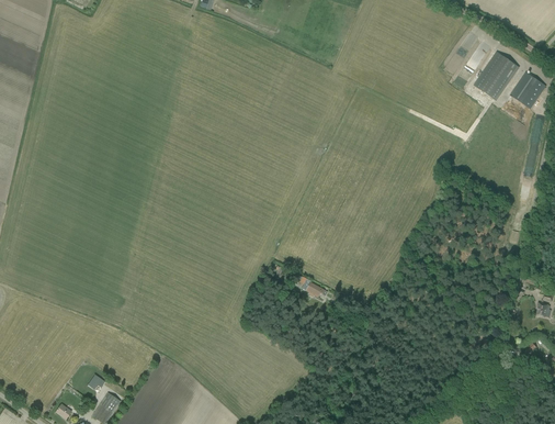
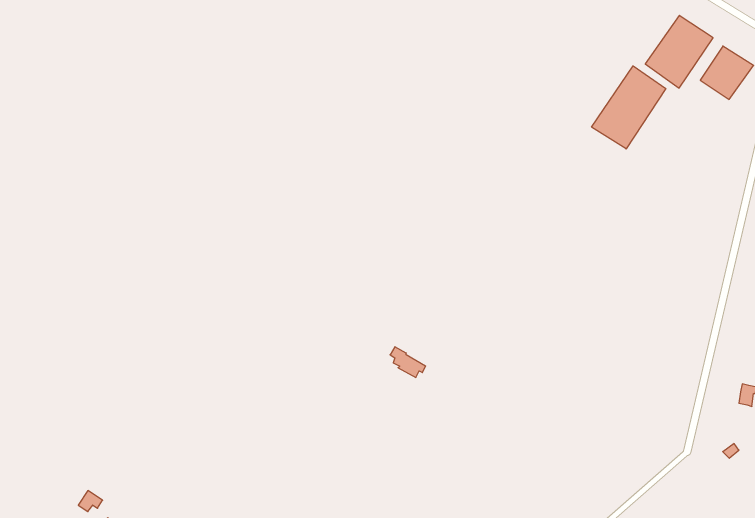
building: none -> [592,66,666,149]

